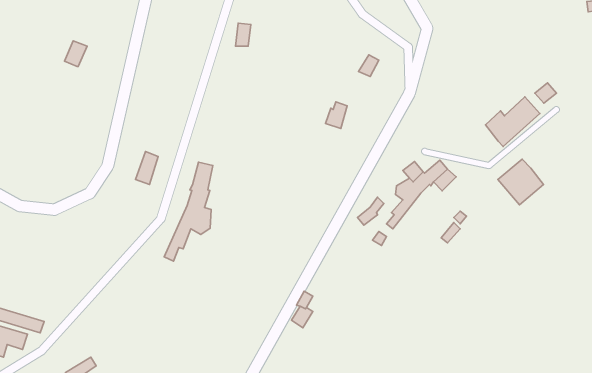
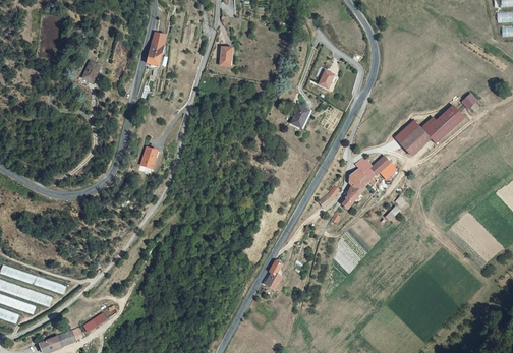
building: none -> [146,35,166,66]
building: [498,159,544,205] -> [394,120,431,157]
building: [164,162,213,261] -> none

